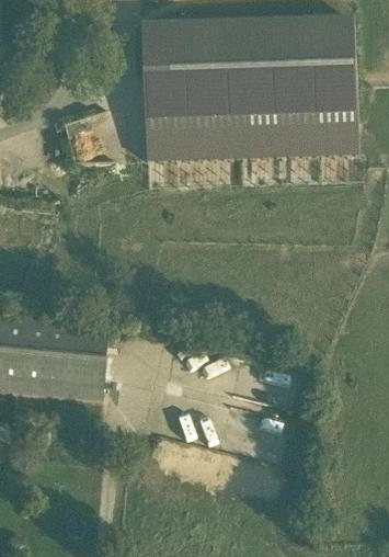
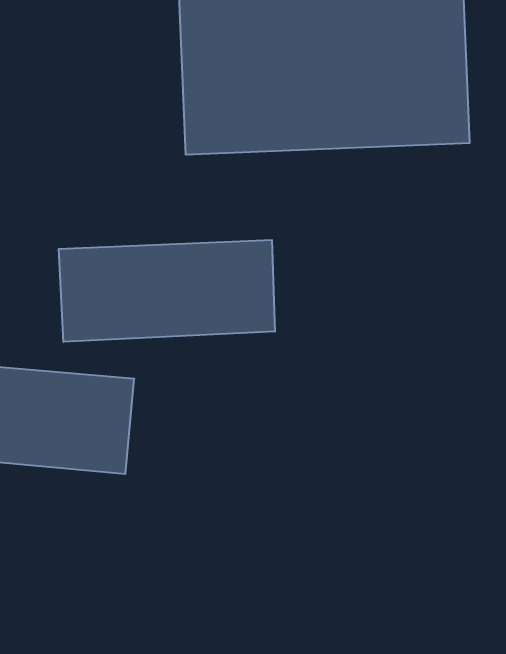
building: none -> [59,240,275,342]

